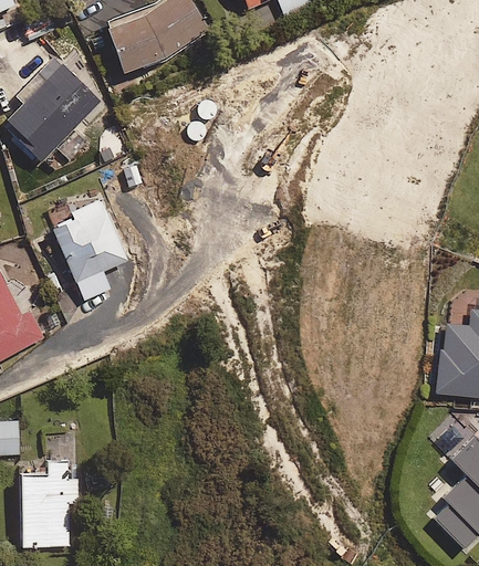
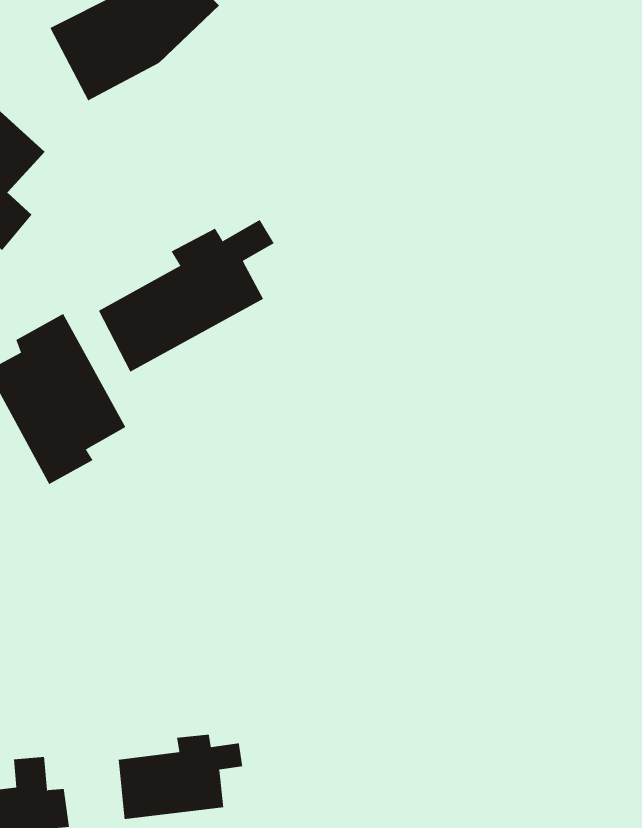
building: none -> [98,219,275,372]
building: none -> [118,734,243,820]

